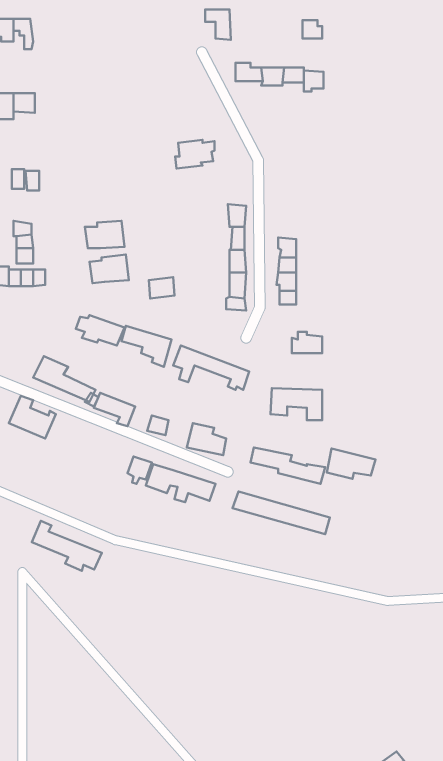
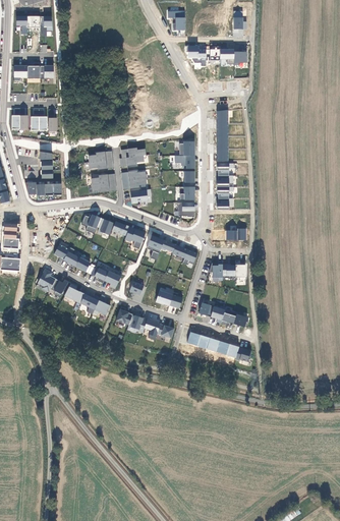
building: [175,140,215,169] -> [118,148,145,167]
building: none -> [120,171,147,189]
building: [327,449,375,479] -> none
building: [32,521,102,571] -> [63,283,110,316]

